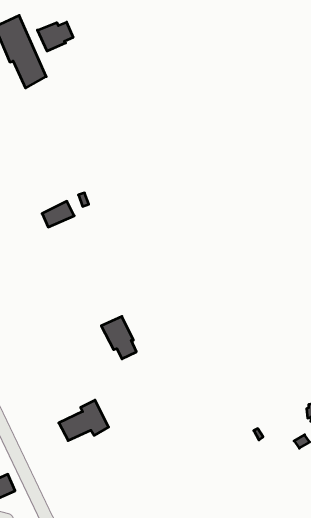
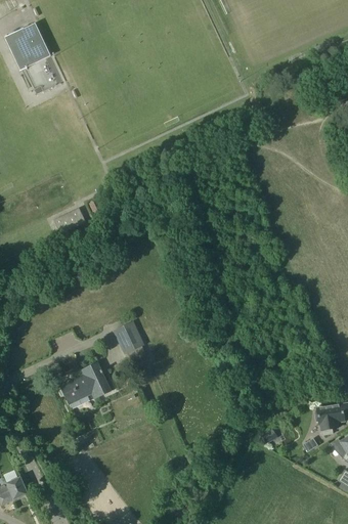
building: [37,22,73,51] -> none
building: [59,400,109,441] -> [60,362,110,402]

